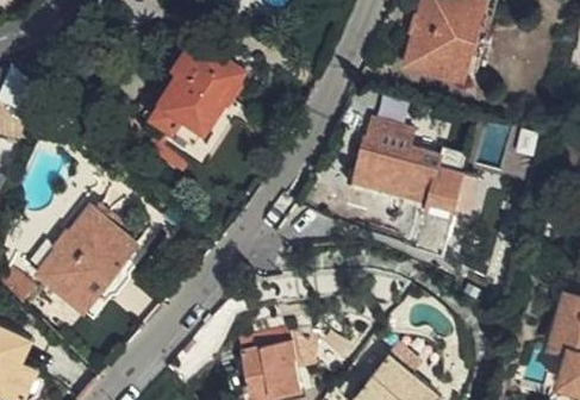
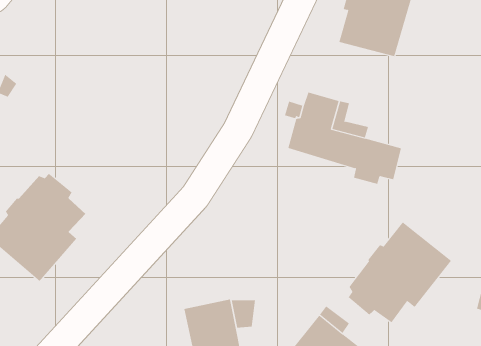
building: [148,50,245,157] -> none
building: none -> [348,221,452,323]

